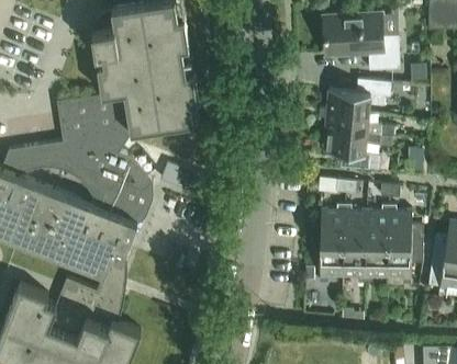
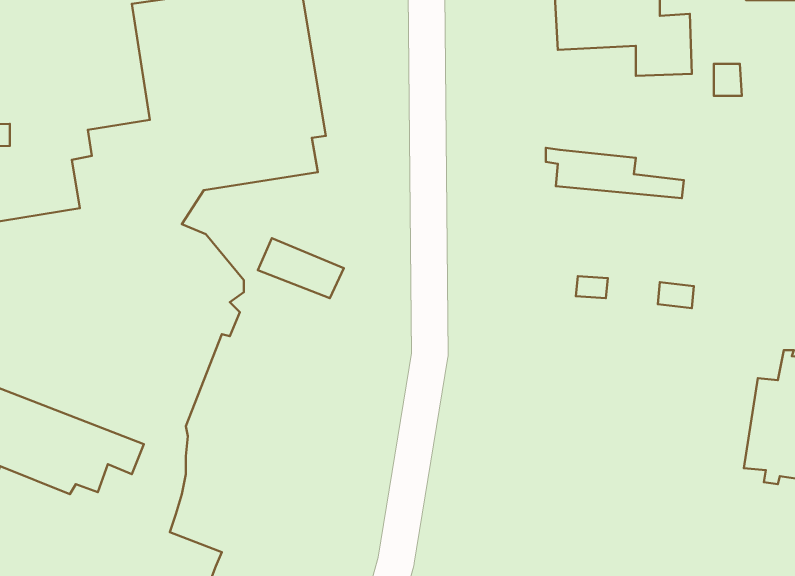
building: [326,79,391,115] -> none
building: [322,130,393,168] -> none
building: [319,205,423,284] -> none

